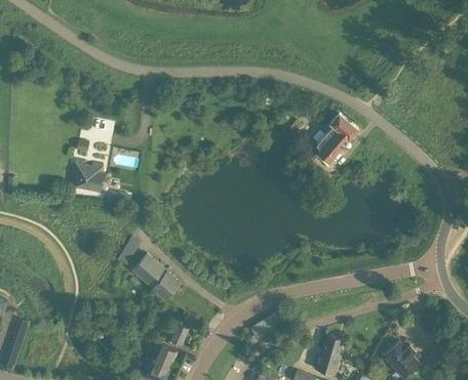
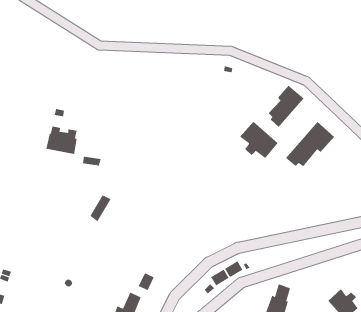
building: none -> [239,121,278,159]
building: none -> [285,121,335,167]
building: [132,254,181,300] -> none

